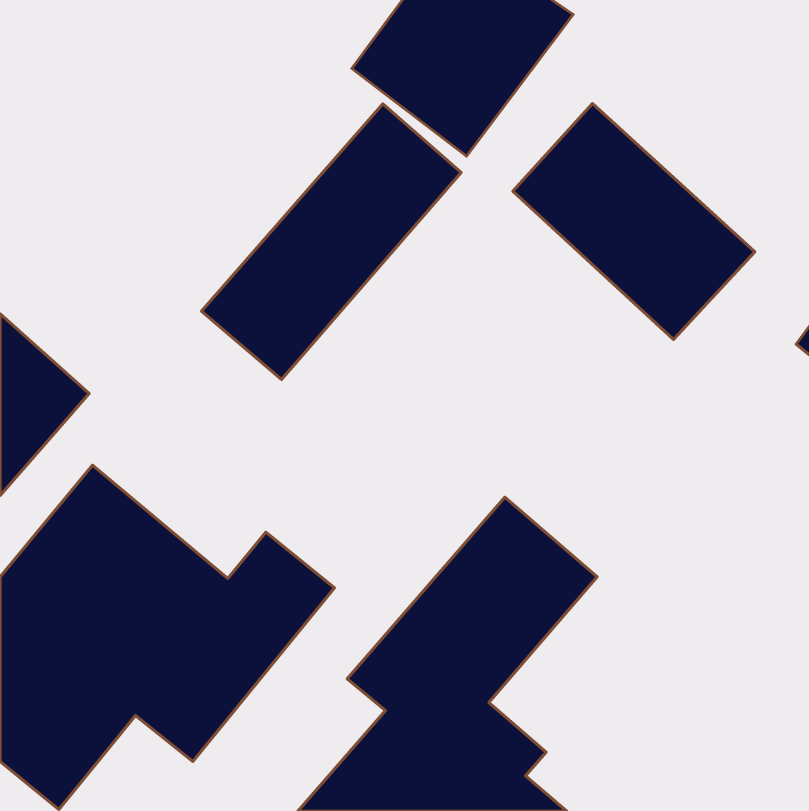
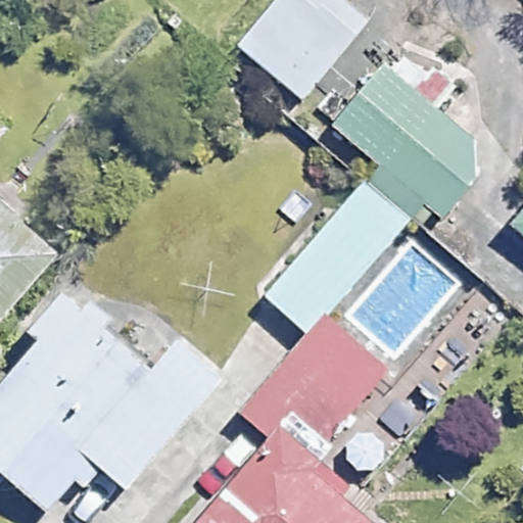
building: [202,104,461,380] -> none
building: none -> [265,182,410,336]

